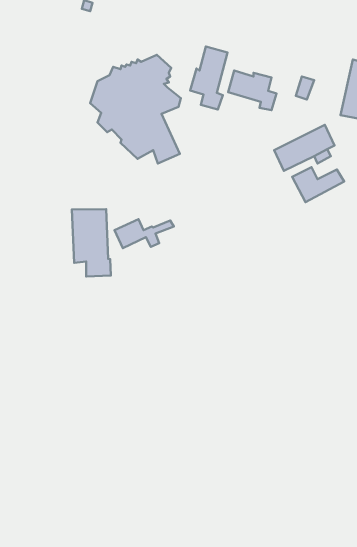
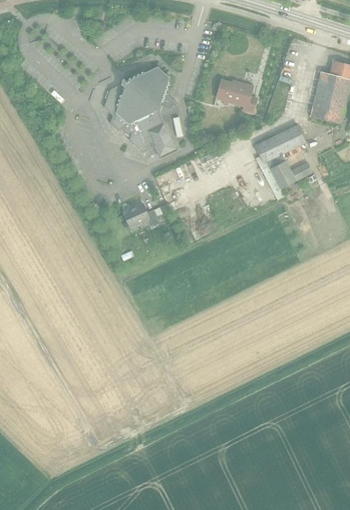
building: [190,46,228,109] -> none
building: [72,209,111,277] -> none

